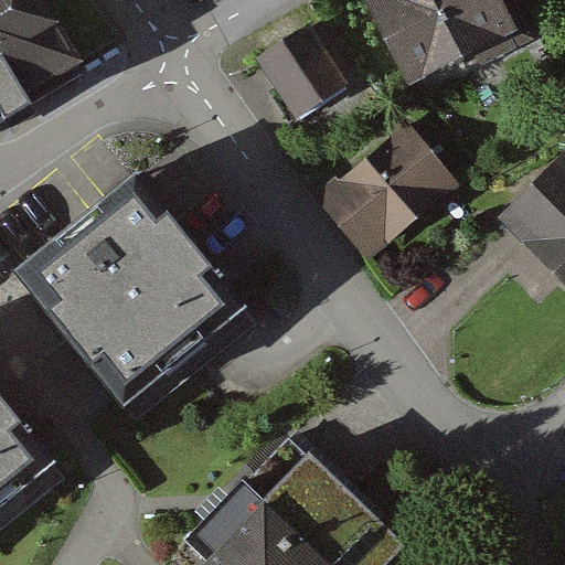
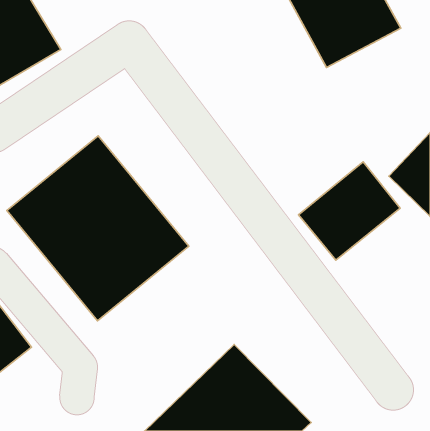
building: [257,23,354,122] -> none
building: [321,128,452,255] -> [298,162,400,260]

